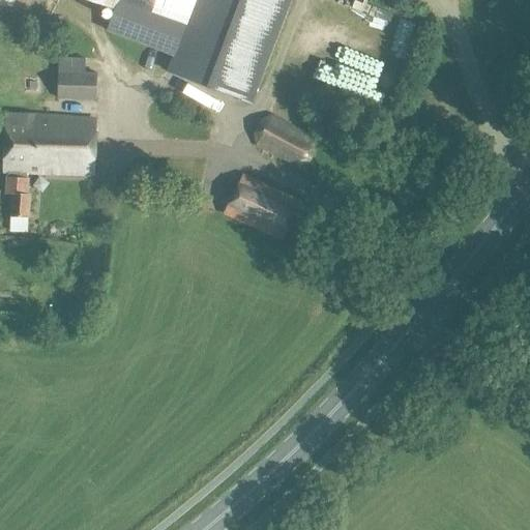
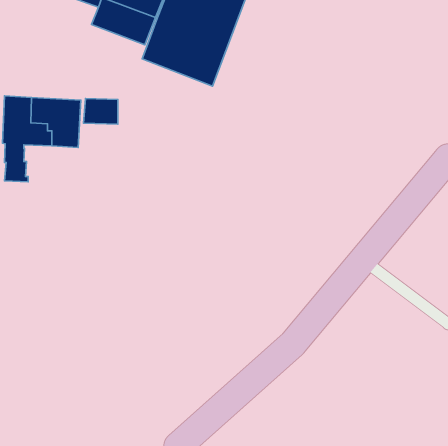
building: [57,68,97,98] -> [84,99,118,124]
building: [252,113,316,166] -> none
building: [223,171,302,238] -> none

